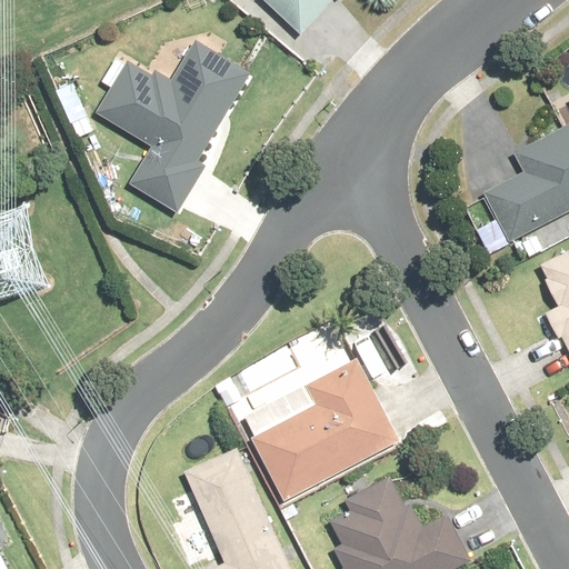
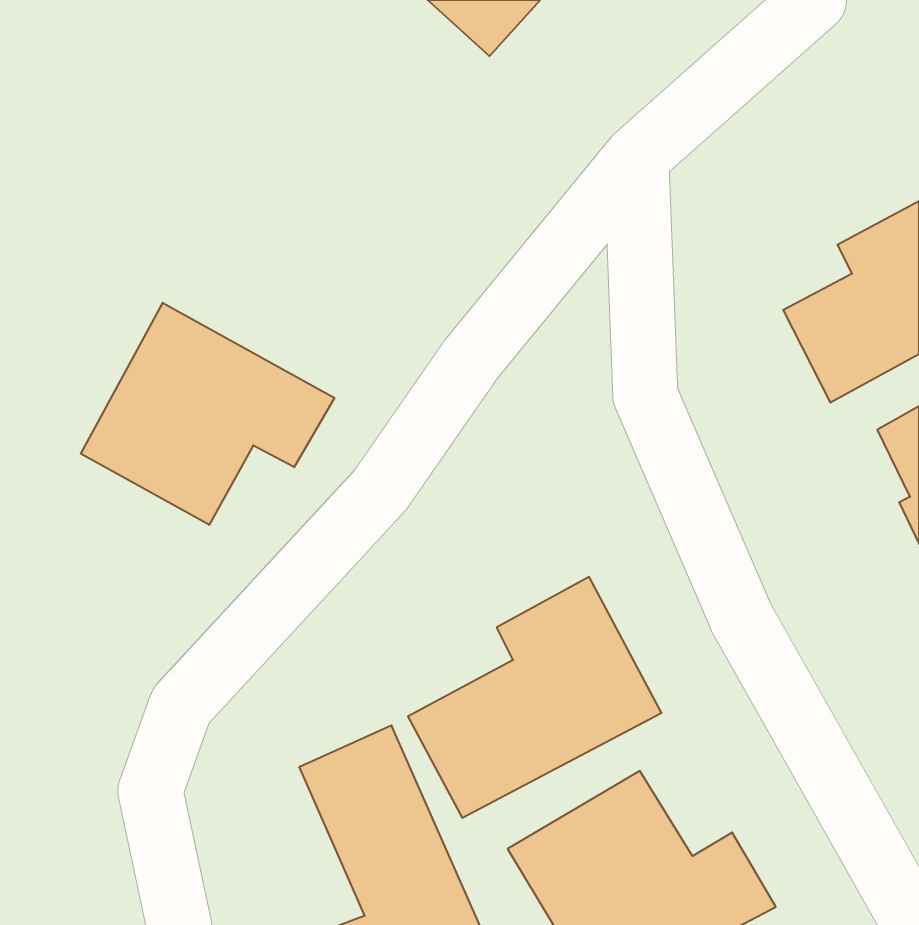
building: [91,39,251,217] -> none
building: none -> [81,303,334,525]

